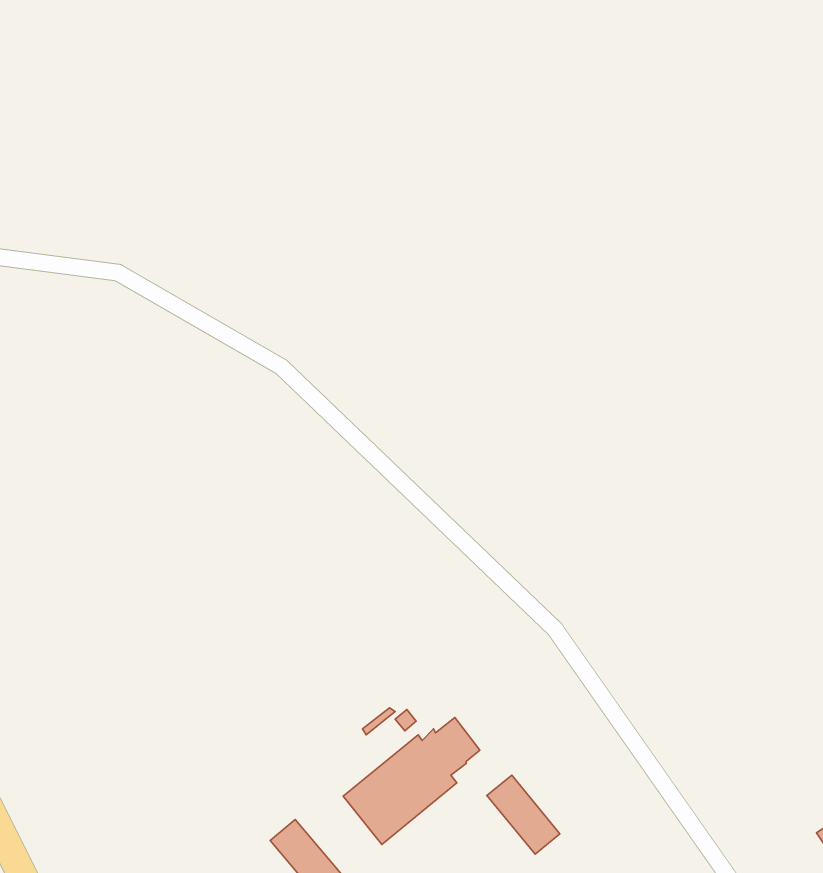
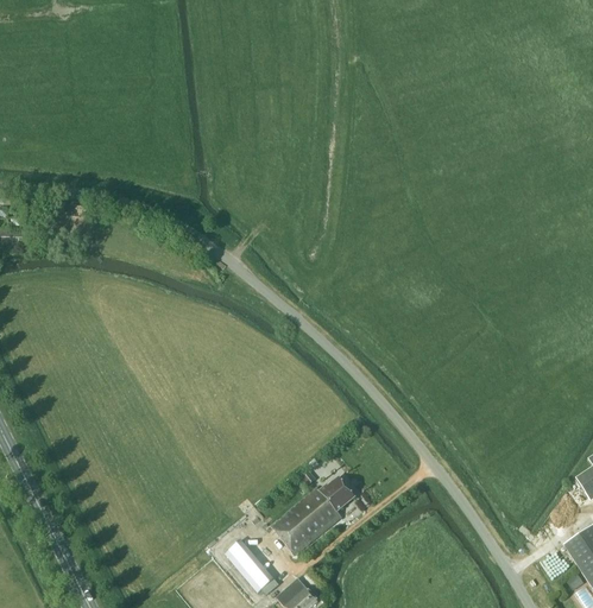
building: [487,775,560,854] -> none

